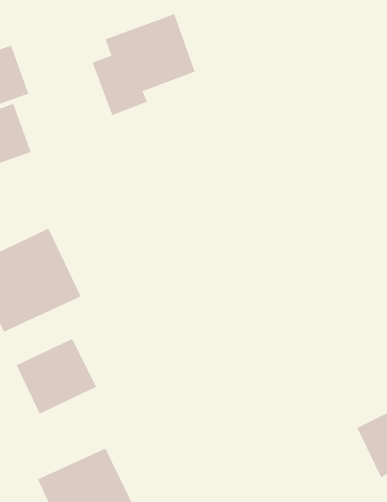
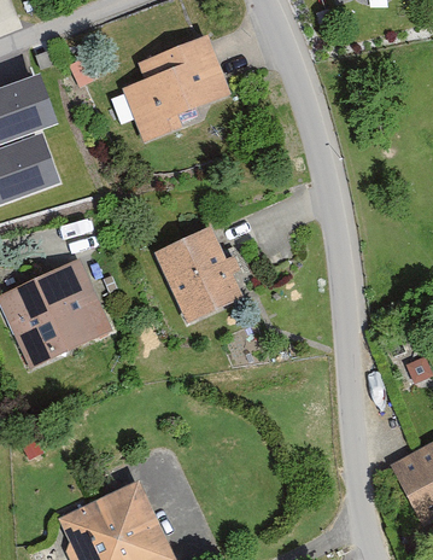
building: none -> [156,229,242,323]
building: [16,338,97,415] -> none

